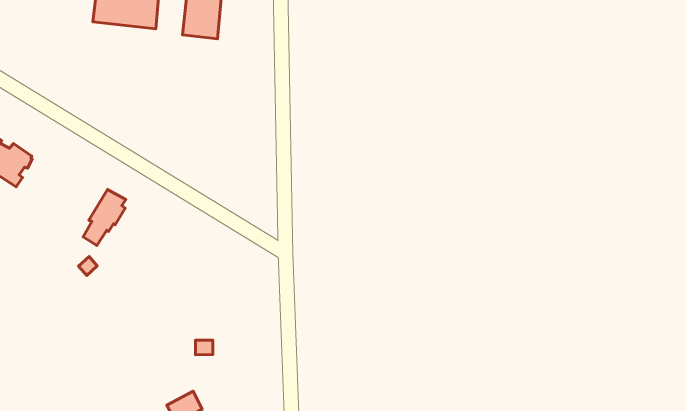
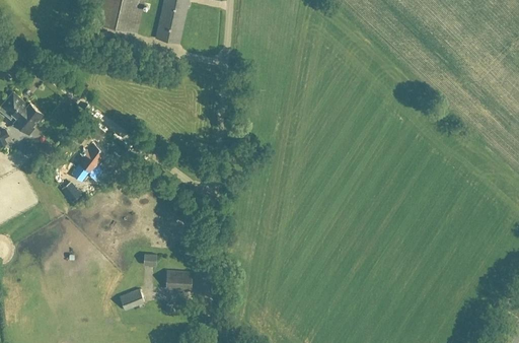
building: none -> [165,270,192,289]

